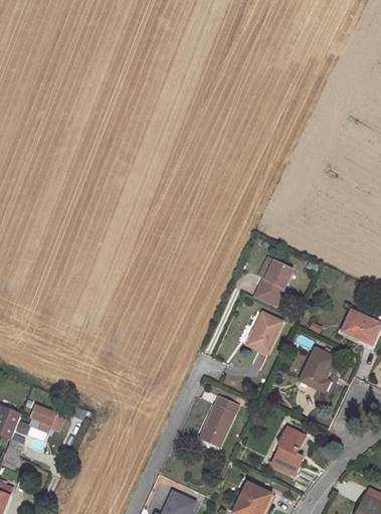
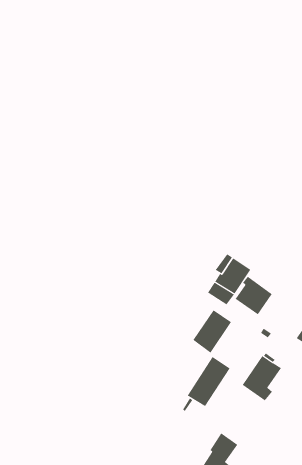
building: none -> [235,276,272,315]
building: [200,397,237,446] -> [187,356,231,407]

